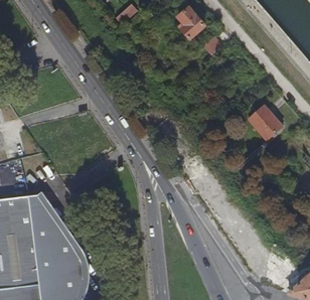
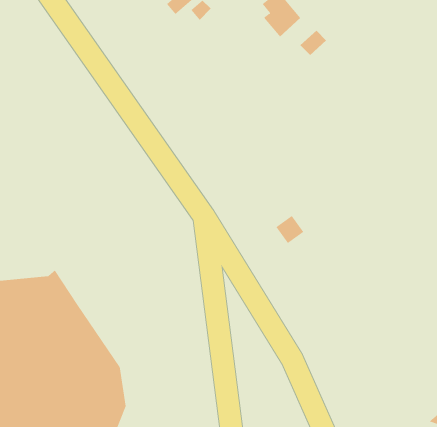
building: [247,103,283,140] -> none

